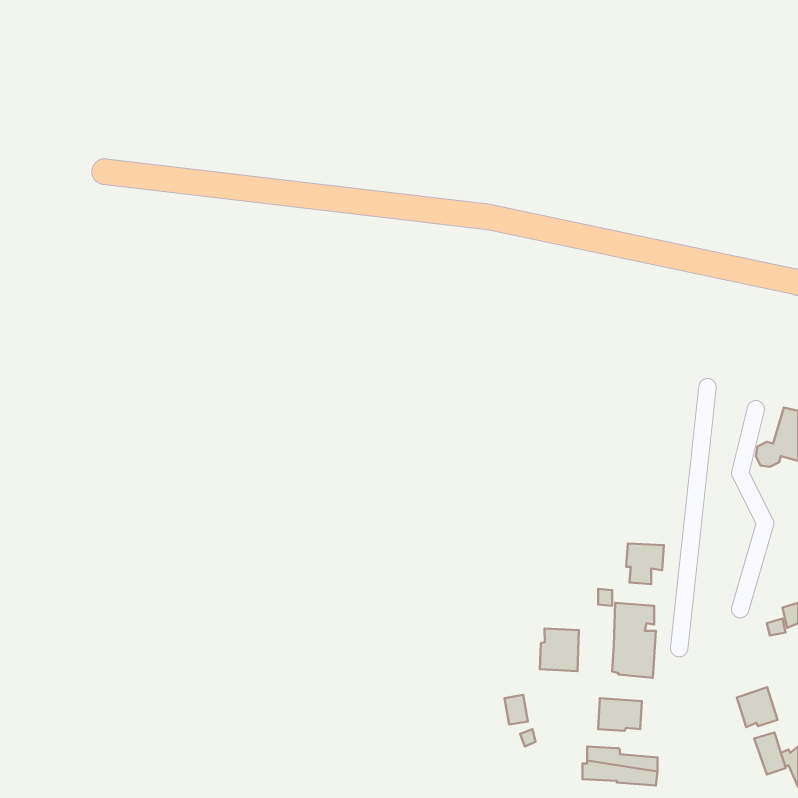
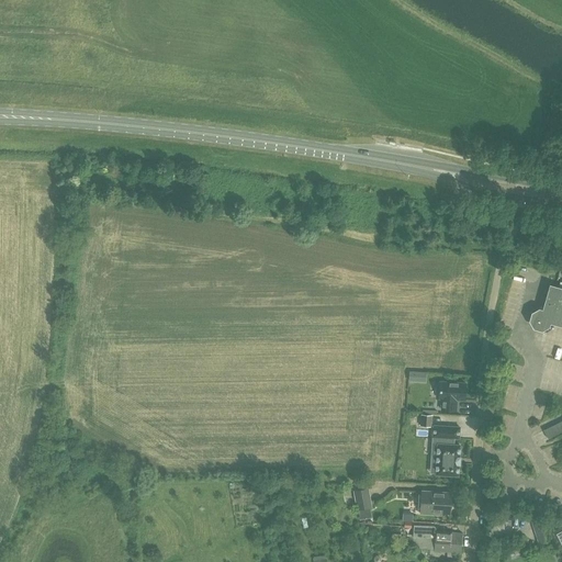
building: [540,628,579,671] -> none
building: [737,687,777,727] -> none

